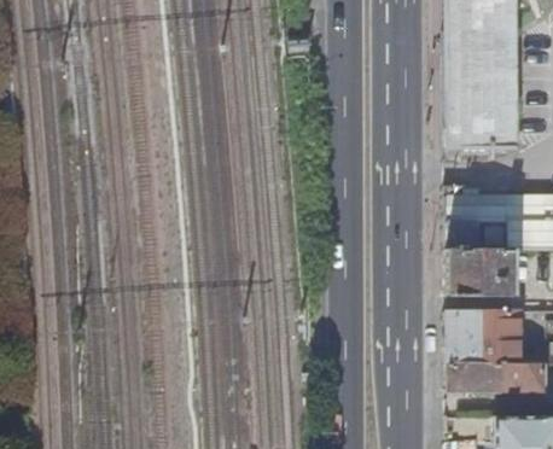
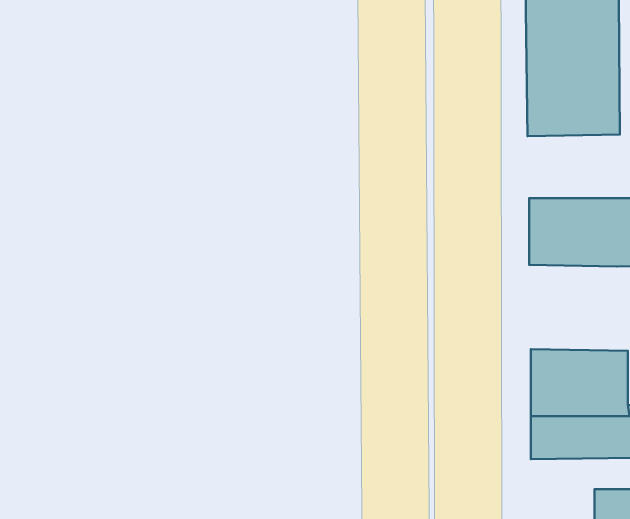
building: [448,246,514,296] -> none

